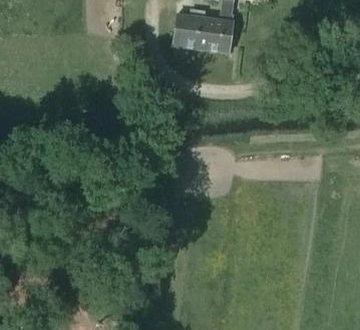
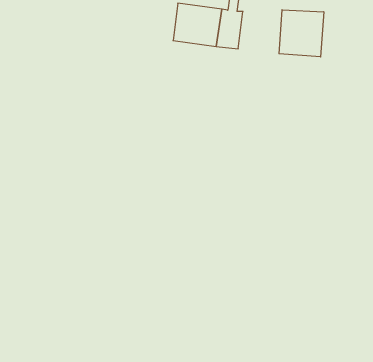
building: none -> [279,10,324,57]

